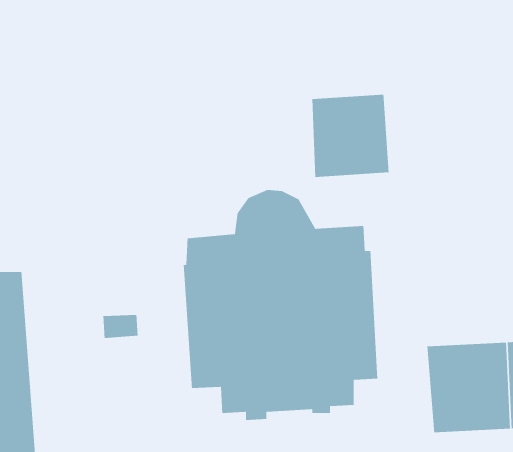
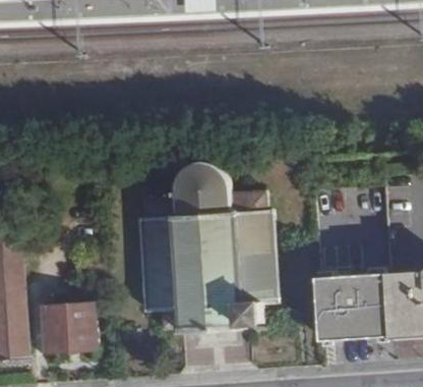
building: [311,94,390,178] -> none
building: none -> [47,300,99,350]

